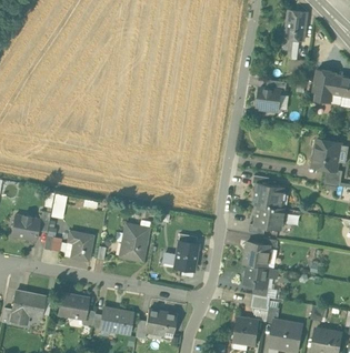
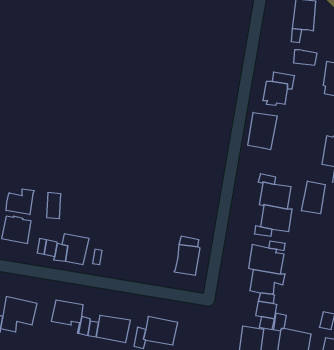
building: none -> [248,112,277,150]
building: none -> [302,181,325,214]
building: none -> [6,189,34,215]
building: [119,224,149,262] -> none

